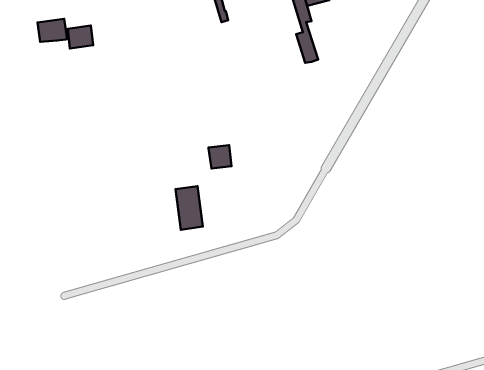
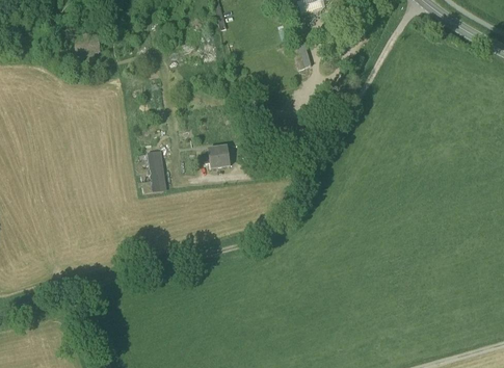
building: [37,19,67,42] -> none
building: [175,186,203,230] -> [139,150,165,191]

